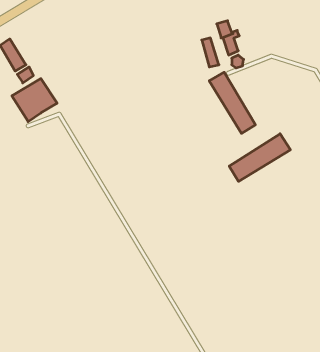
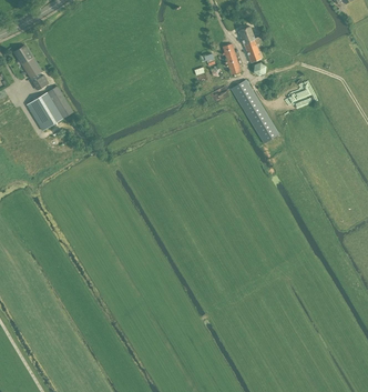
building: [229,134,290,181] -> none

